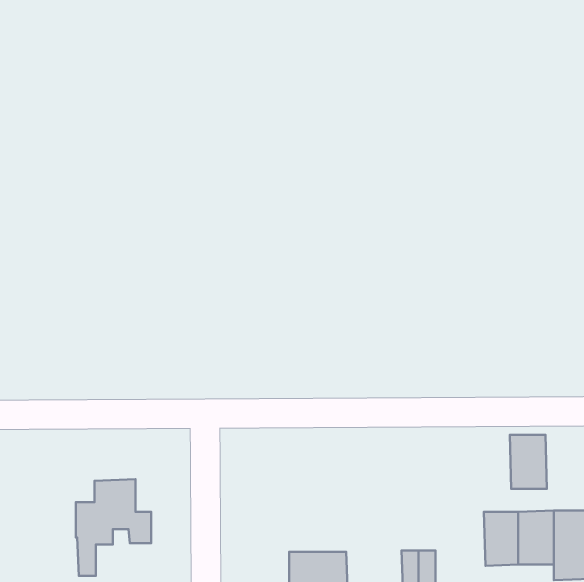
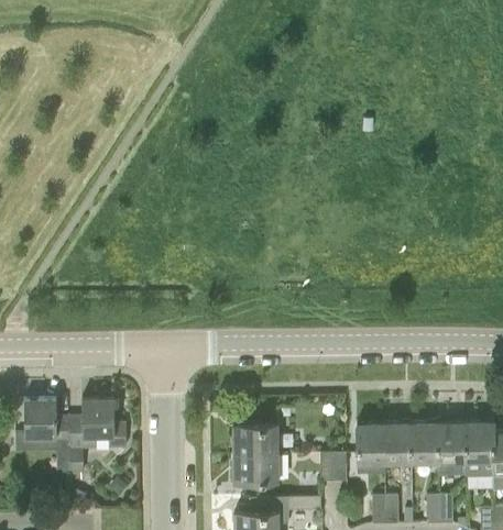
building: [510,435,547,489] -> [357,423,385,465]
building: none -> [24,399,68,443]
building: none -> [233,424,277,454]

